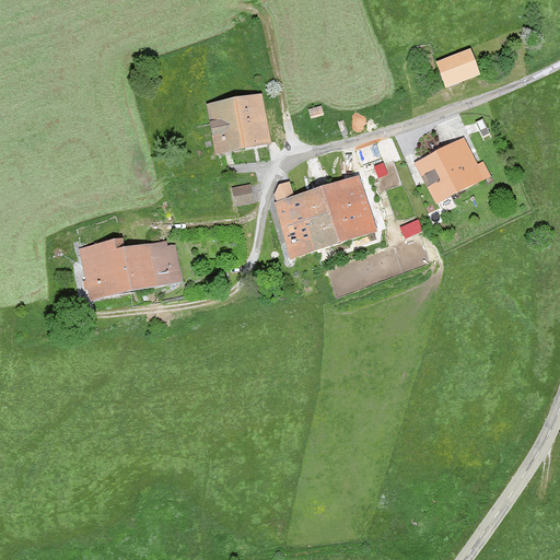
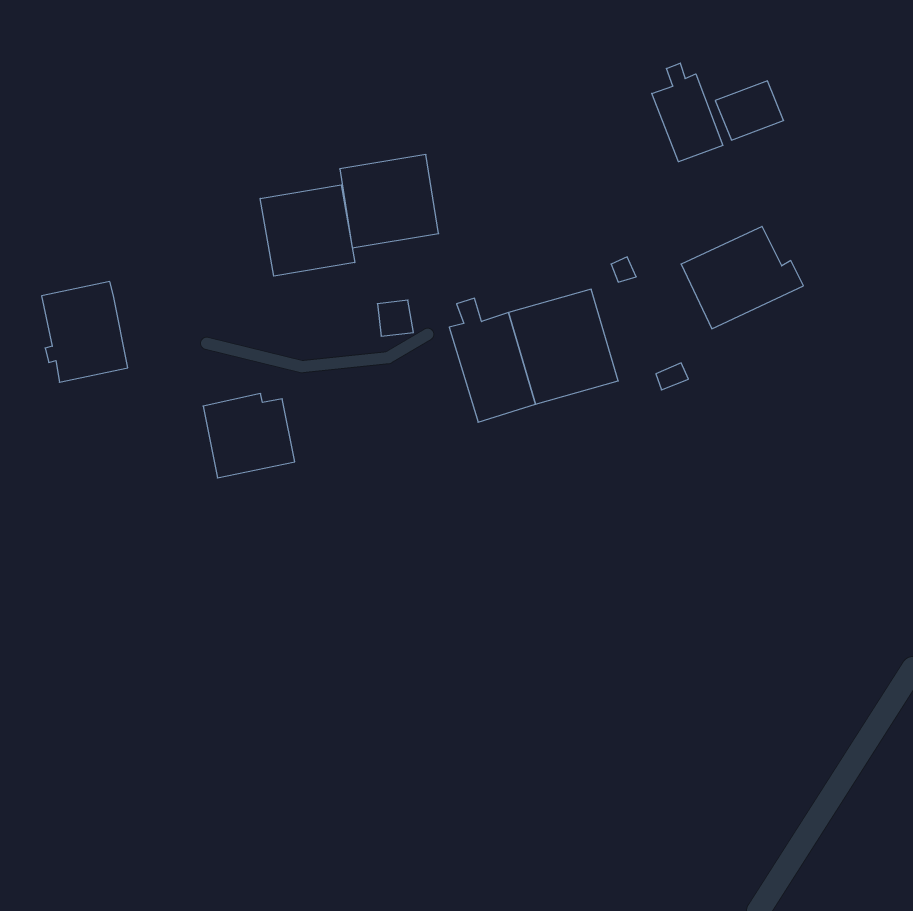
building: none -> [652,63,723,162]
building: none -> [260,185,355,276]
building: [80,238,132,300] -> [42,282,128,382]

